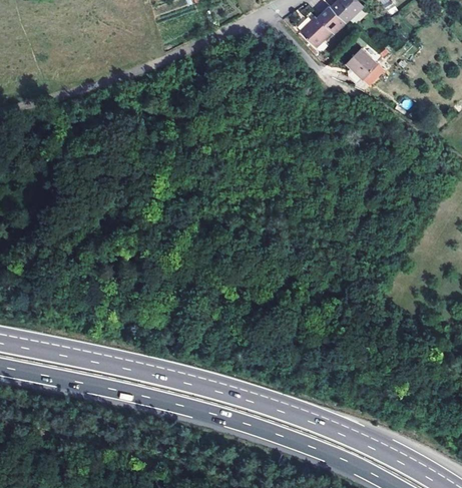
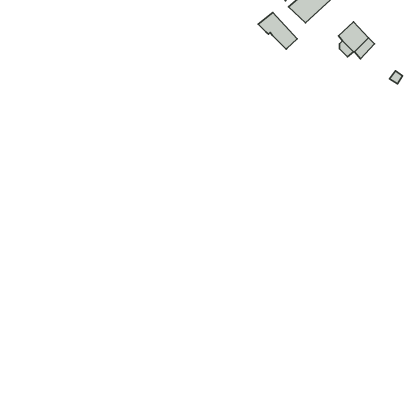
building: none -> [258,13,297,49]

